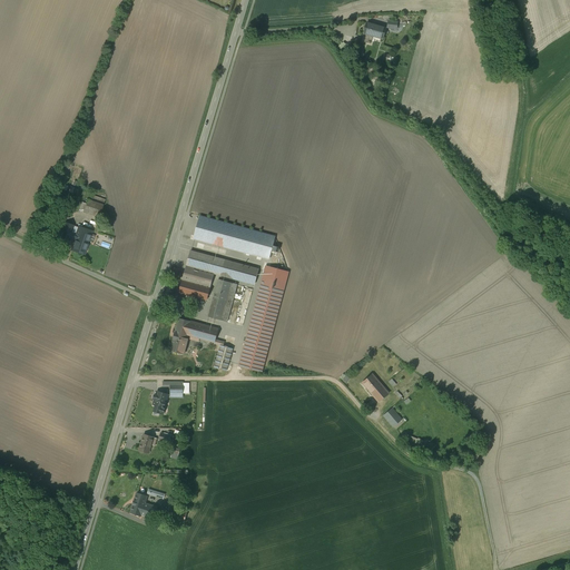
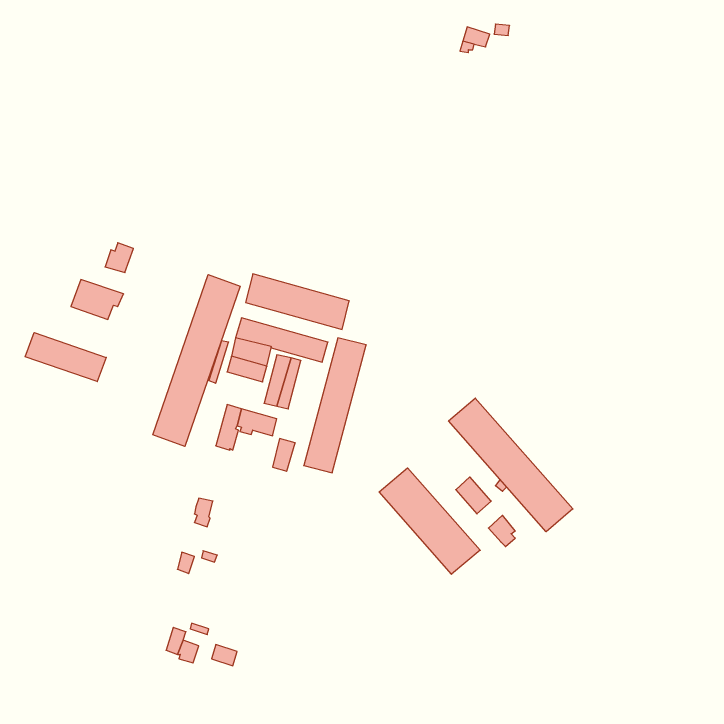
building: none -> [153,275,240,446]
building: none -> [25,333,106,382]
building: none -> [449,398,573,532]
building: none -> [379,468,480,574]

